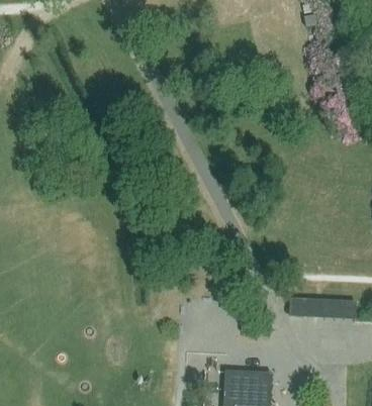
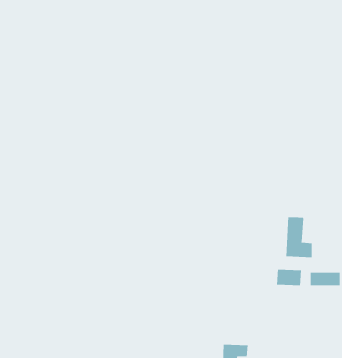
building: none -> [286,217,312,258]

